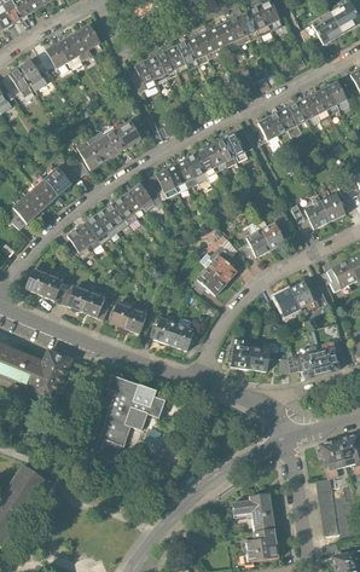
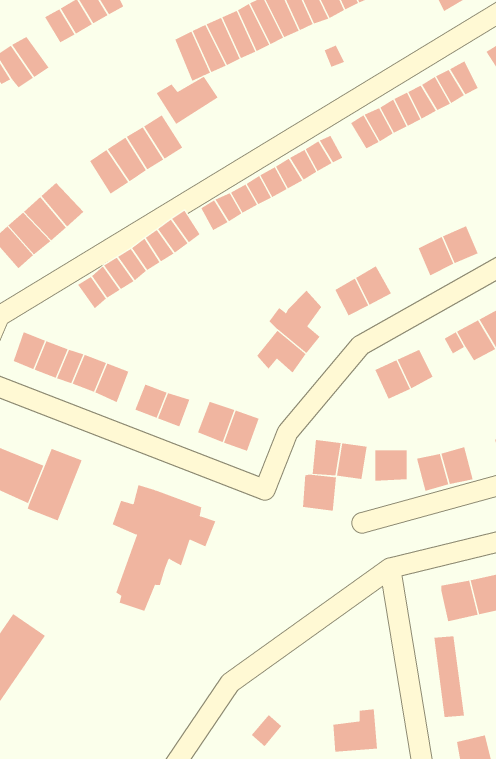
building: none -> [156,76,218,125]
building: none -> [303,474,337,512]
building: [231,492,274,532] -> none

